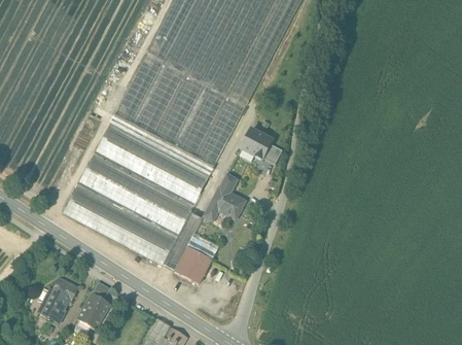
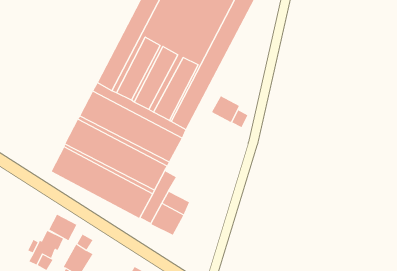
building: [204,174,246,220] -> none
building: none -> [49,214,77,241]

